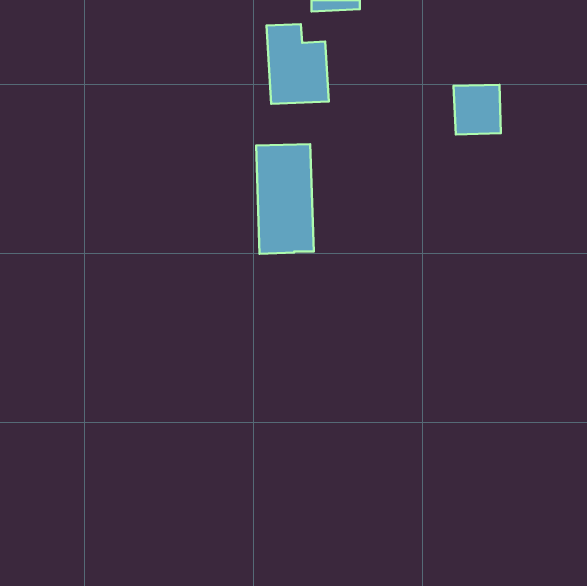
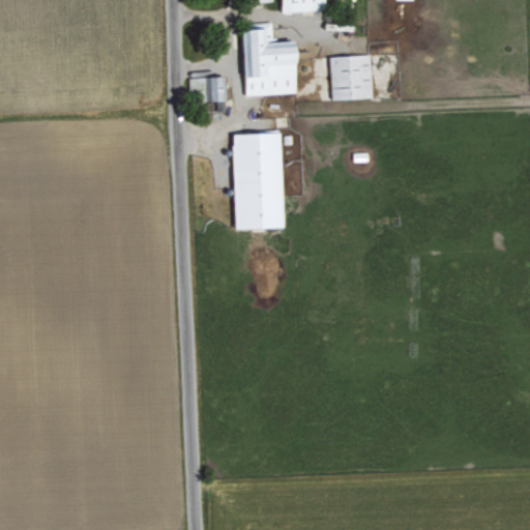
building: none -> [190,77,226,101]
building: [453,85,501,134] -> [330,56,373,100]

